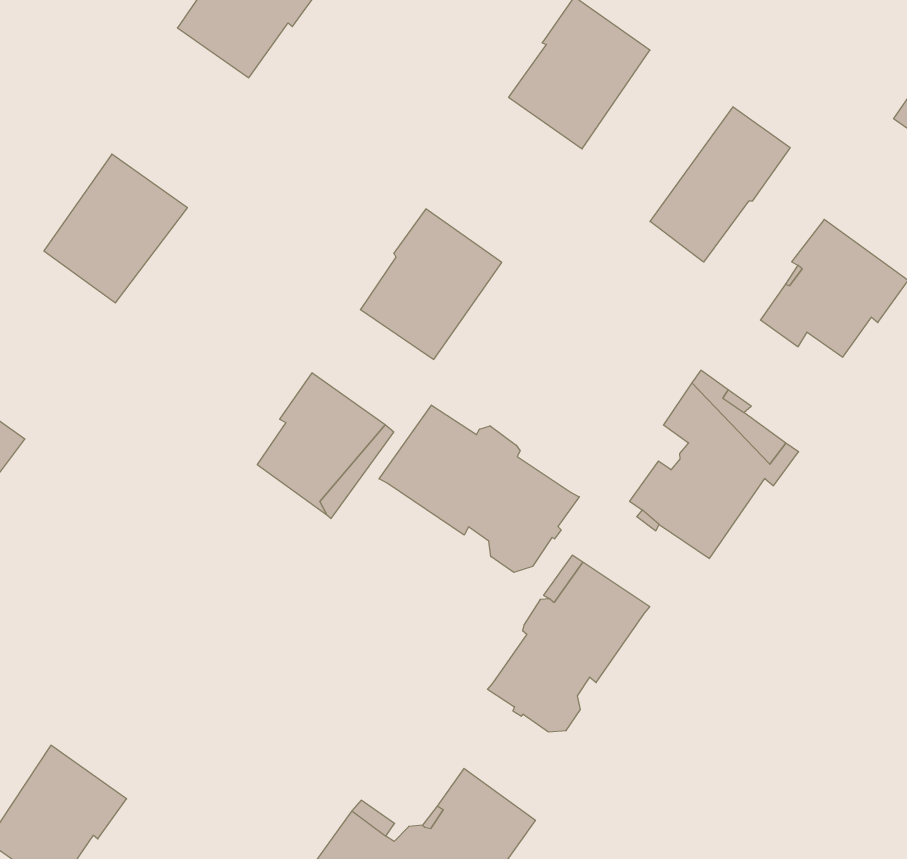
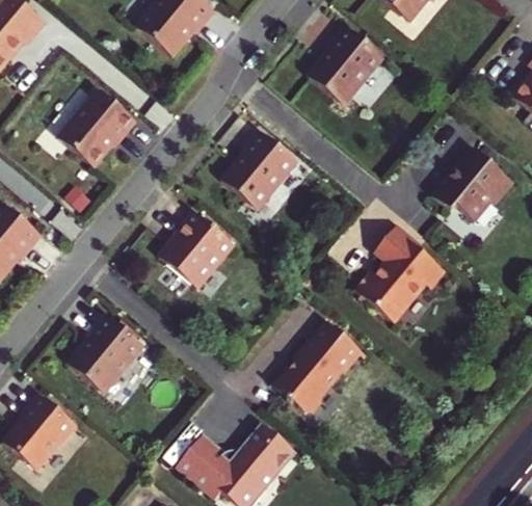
building: [650,107,790,262] -> none
building: [379,405,579,572] -> none
building: none -> [68,312,142,391]

